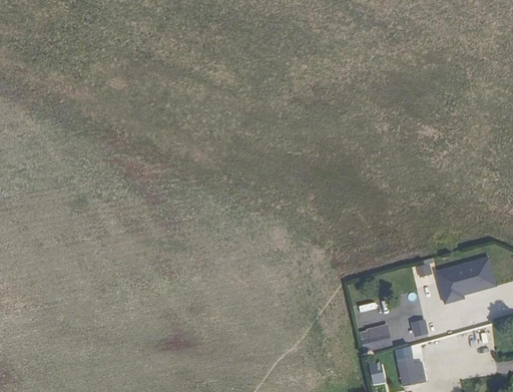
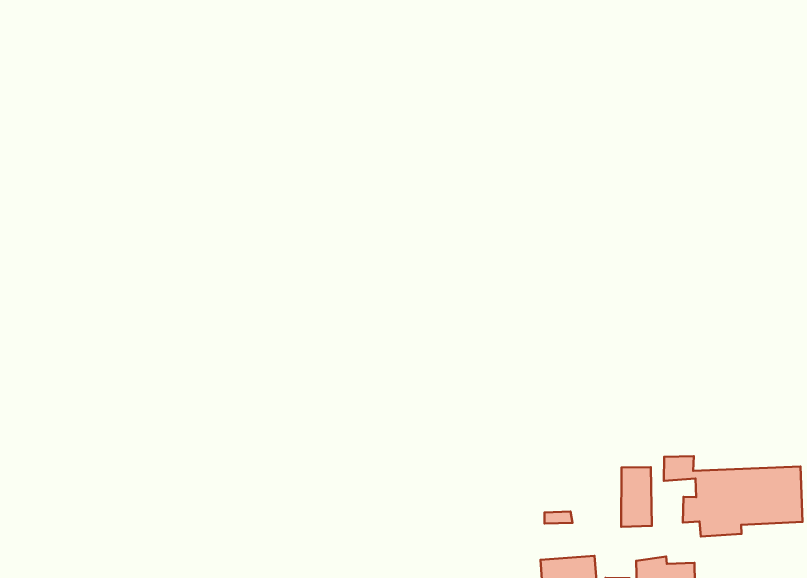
building: none -> [621,467,652,527]

